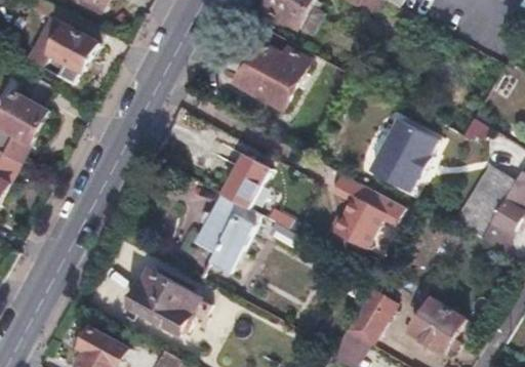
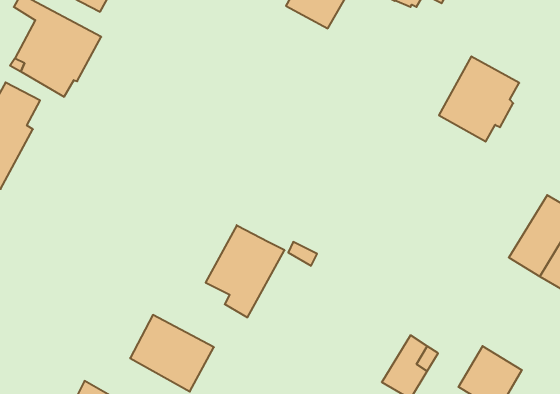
building: [234,42,308,108] -> none
building: [371,116,440,189] -> [439,56,519,142]
building: [221,146,274,208] -> none
building: [333,196,383,248] -> none

